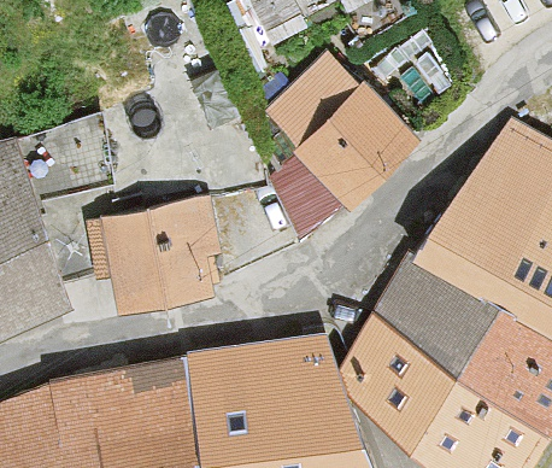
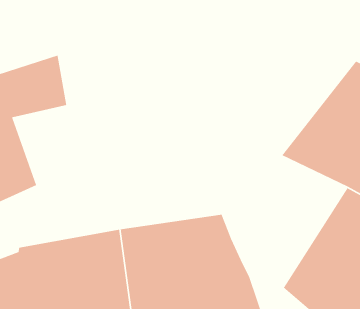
building: [264,55,422,209] -> none
building: [88,197,222,311] -> none
building: [341,255,499,435] -> none

